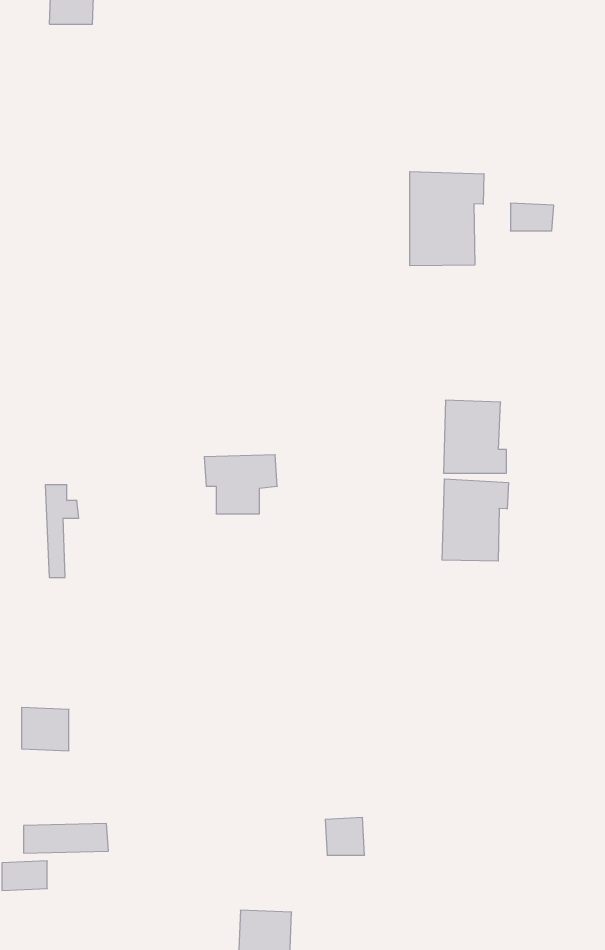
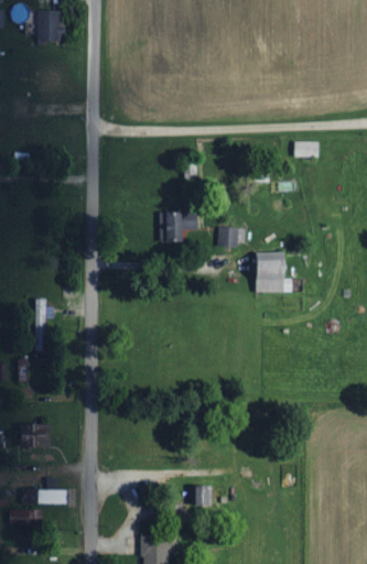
building: [410,172,484,266] -> none
building: none -> [217,227,245,246]
building: [204,455,277,514] -> [159,210,199,243]
building: [442,479,508,561] -> none

